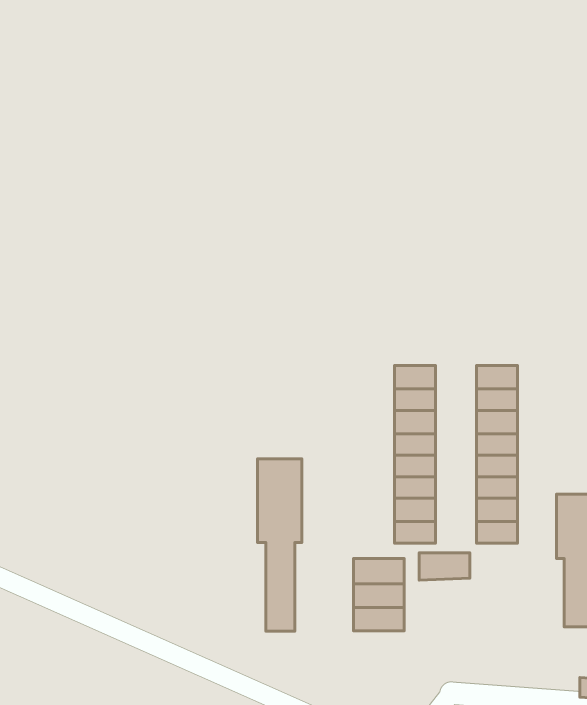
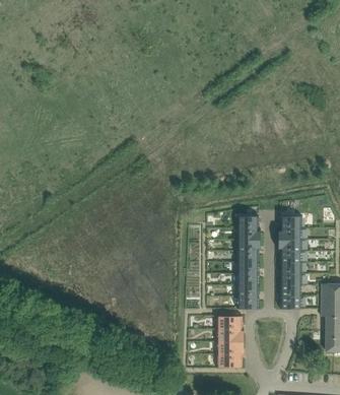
building: [257,459,302,631] -> none
building: [419,553,470,580] -> [216,353,243,368]

